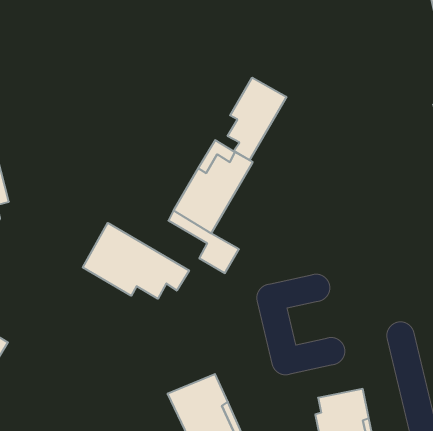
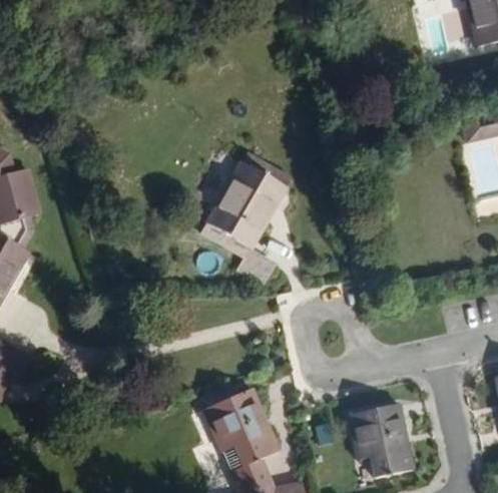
building: [228,78,286,160] -> none
building: [83,223,189,299] -> none

